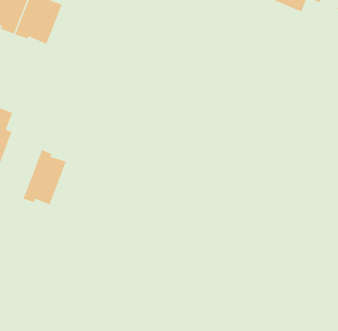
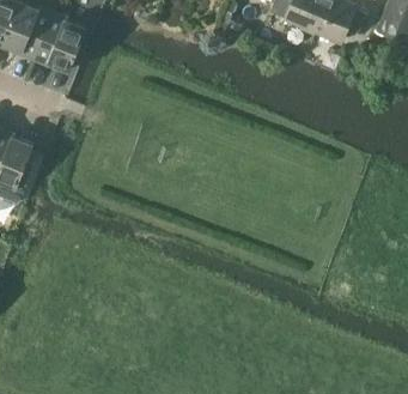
building: [23,149,66,205] -> none

